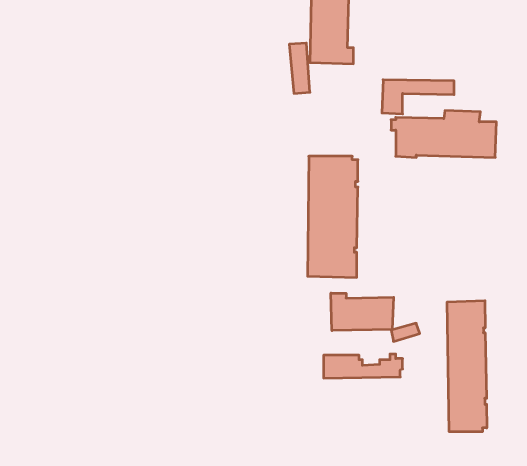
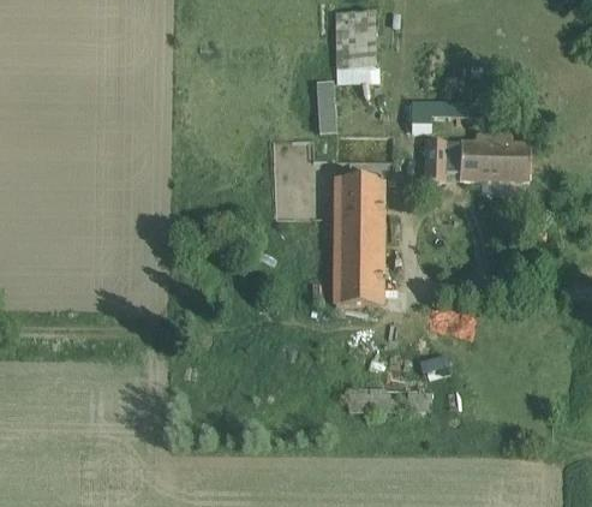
building: [331,293,394,331] -> none
building: [447,301,487,432] -> none

